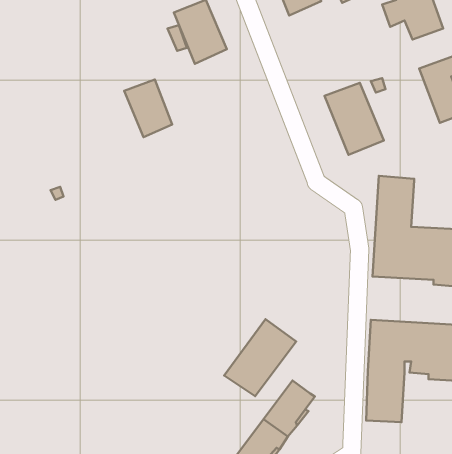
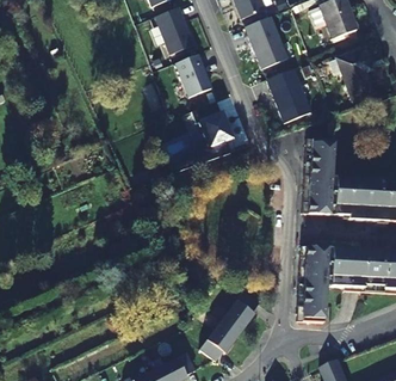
building: none -> [245,17,287,69]
building: [124,80,172,137] -> [175,55,211,98]
building: none -> [192,102,233,147]
building: [224,319,296,396] -> none

